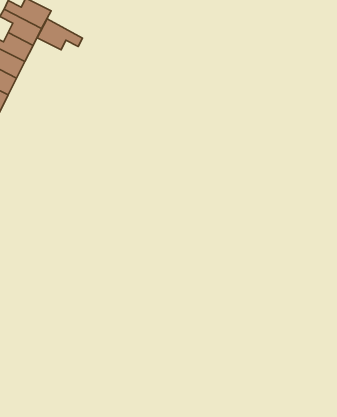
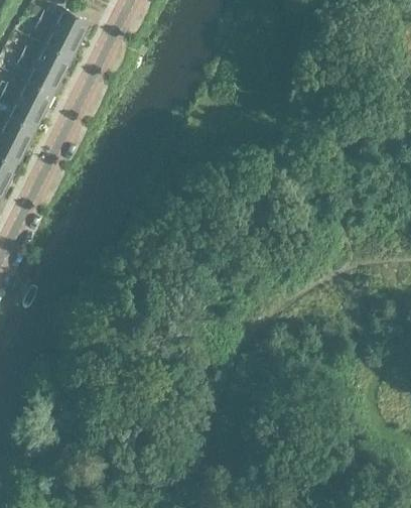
building: [37,19,83,50] -> none

